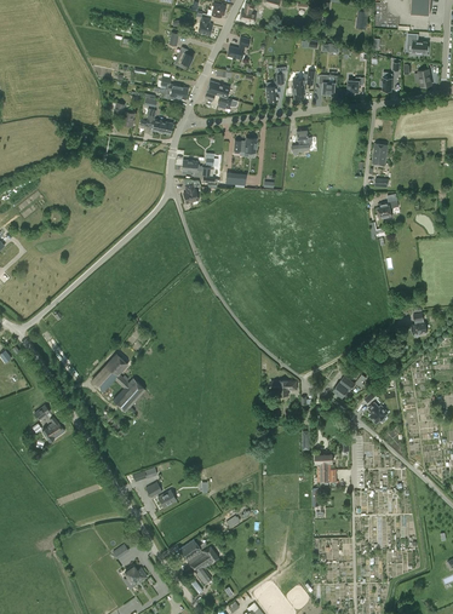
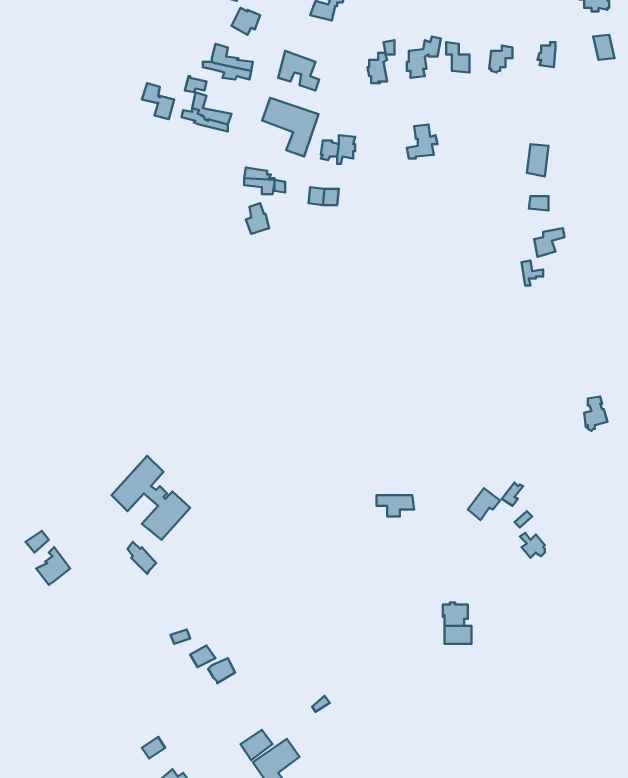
building: none -> [262,98,318,157]

